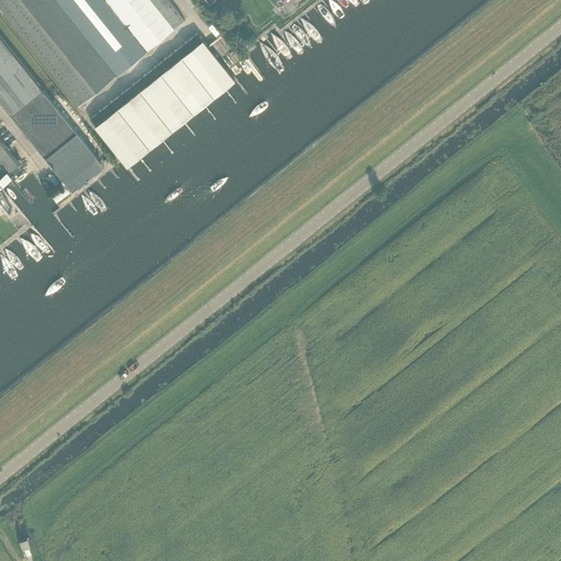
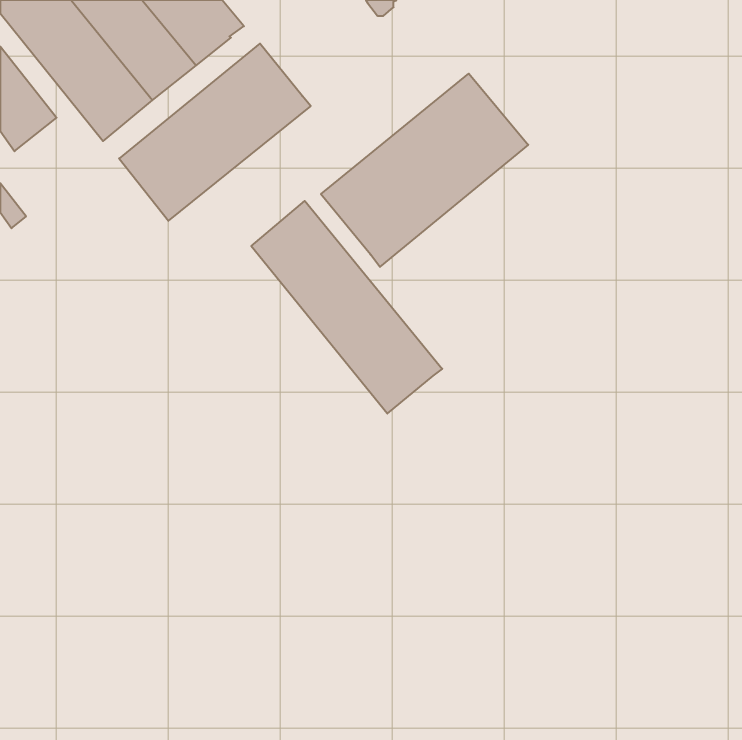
building: none -> [321,74,528,267]
building: [11,91,104,192] -> none
building: none -> [251,201,442,414]

